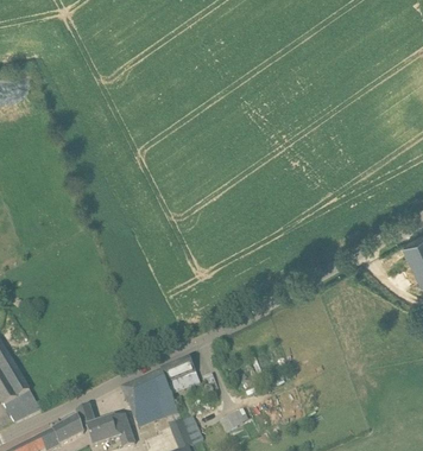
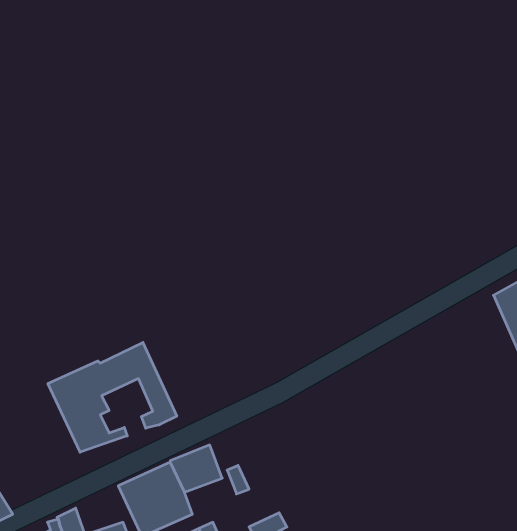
building: none -> [48,342,177,452]

